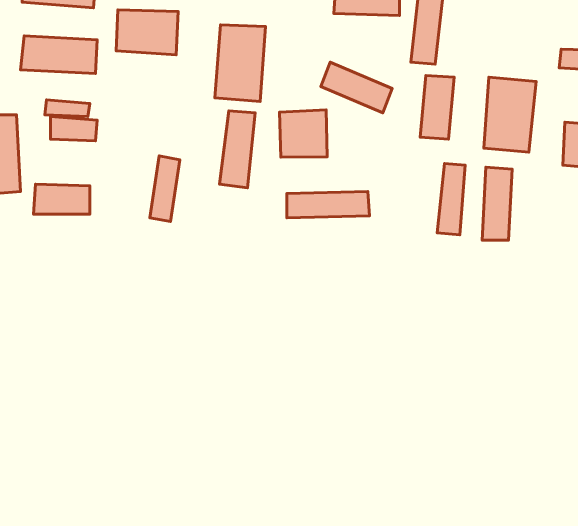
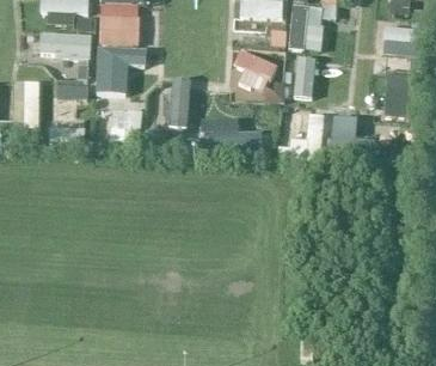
building: [215,25,266,102] -> [96,47,128,96]
building: [484,77,536,152] -> none
building: [280,110,327,157] -> none

